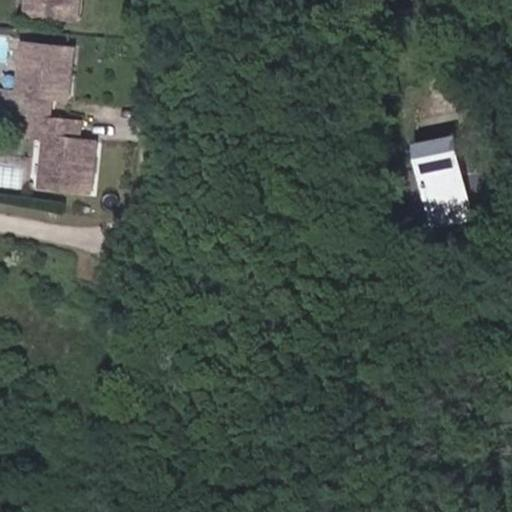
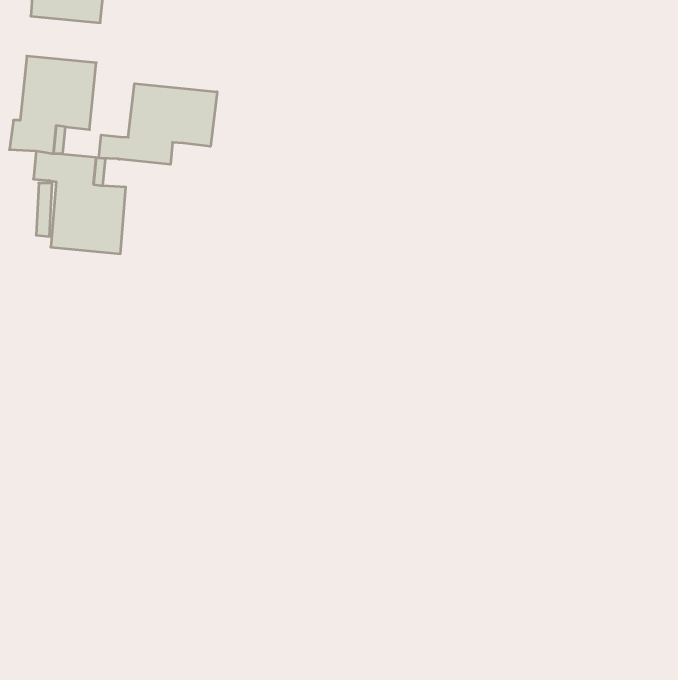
building: none -> [99,84,217,164]
building: [414,136,471,225] -> none

